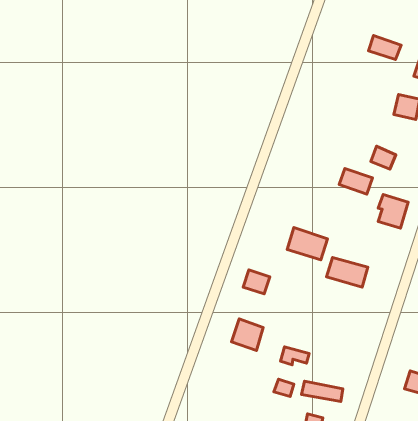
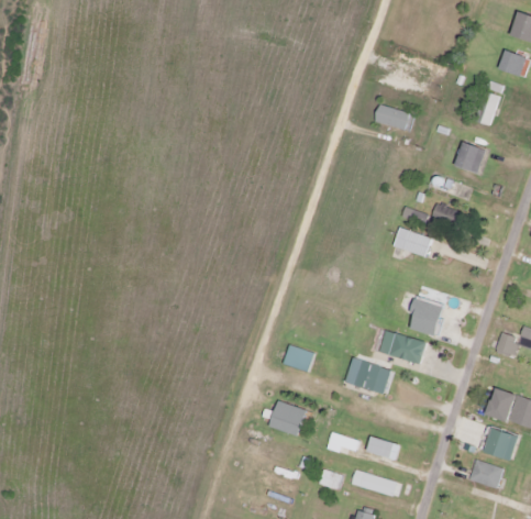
building: [369,35,401,59] -> [374,103,411,131]
building: [378,195,408,228] -> [410,297,444,335]
building: [287,227,328,260] -> [344,356,390,394]
building: none -> [367,435,401,460]

